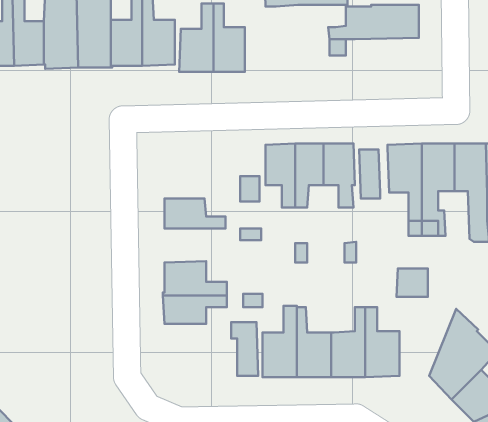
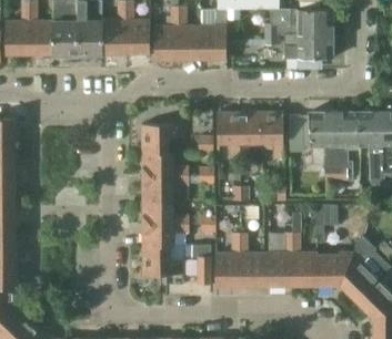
building: none -> [201,10,227,59]
building: none -> [284,33,332,59]
building: none -> [142,125,184,153]
building: none -> [142,175,188,201]
building: none -> [142,246,185,275]
building: none -> [318,251,353,285]

